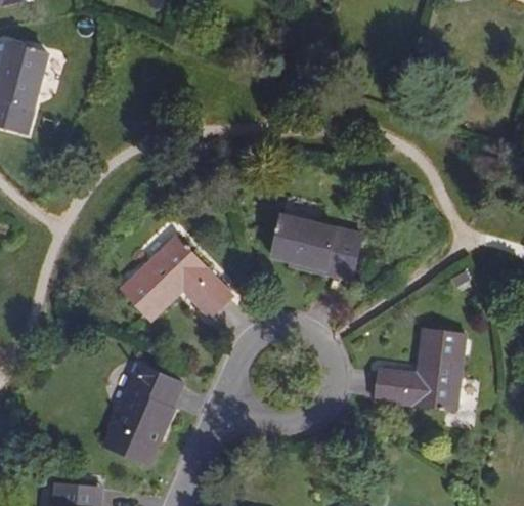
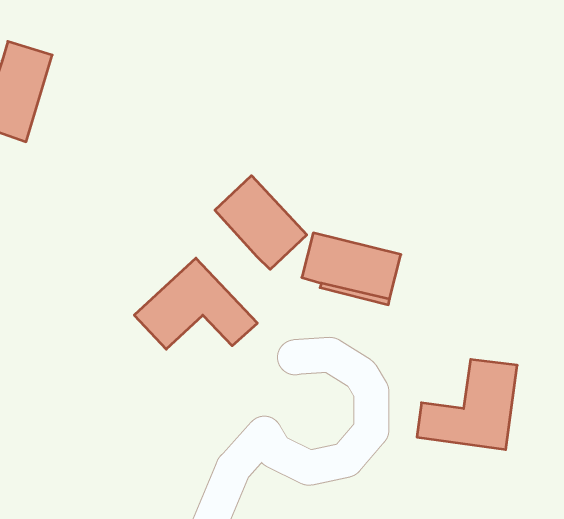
building: none -> [215,176,307,269]
building: [104,364,181,463] -> none

